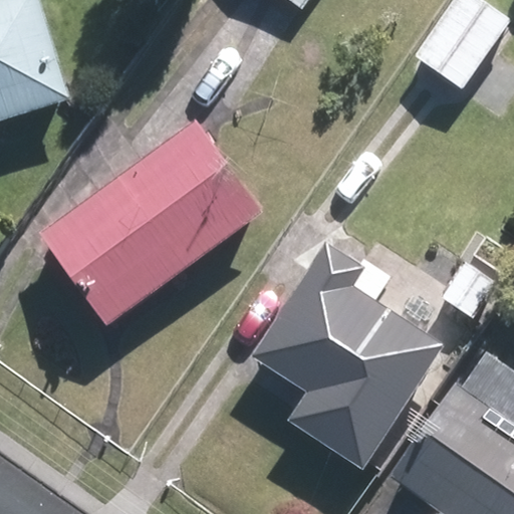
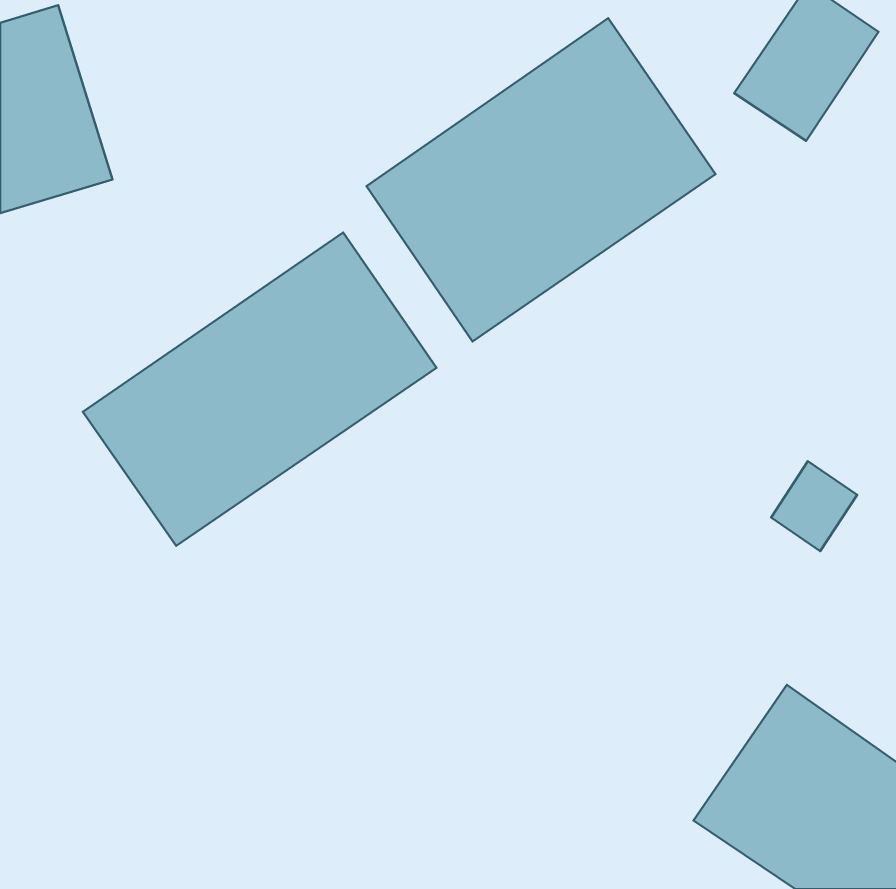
building: none -> [367,18,716,341]
building: [255,253,432,457] -> none

